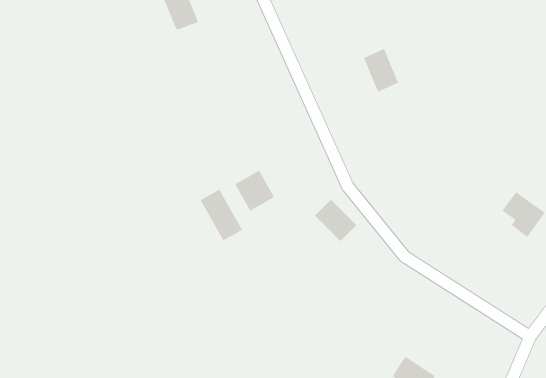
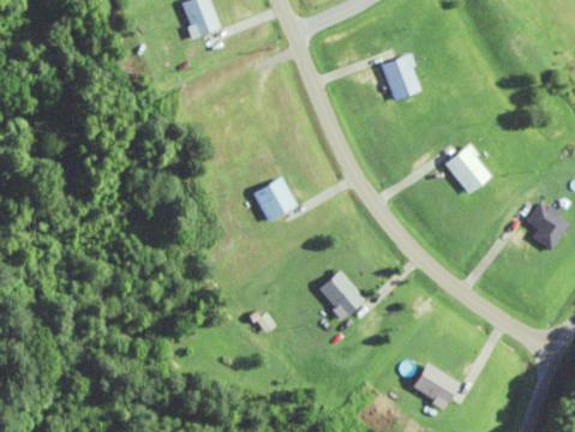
building: none -> [449,146,489,191]
building: [200,189,243,241] -> none
building: [314,199,357,242] -> [321,272,364,316]

